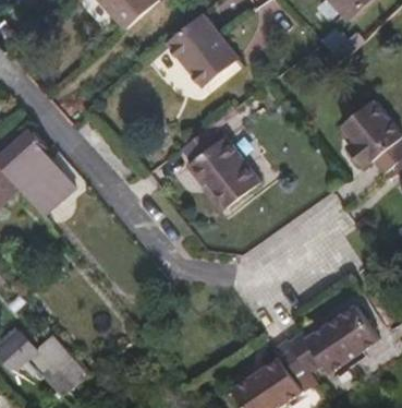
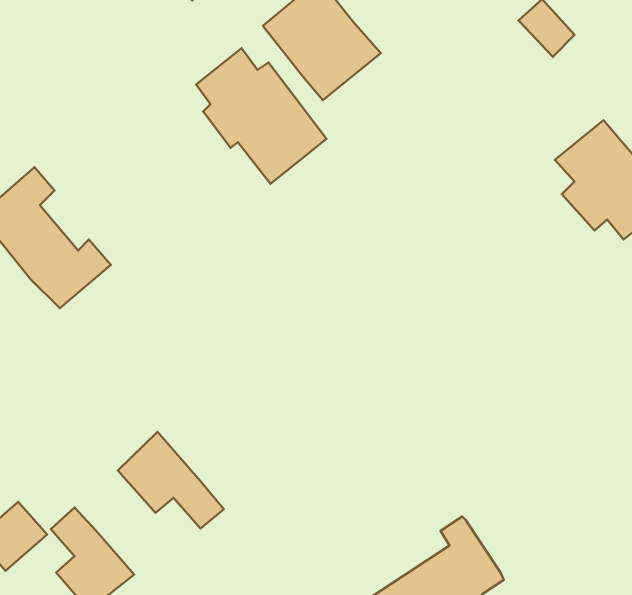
building: [182,127,260,208] -> [196,48,327,184]
building: none -> [118,432,224,528]
building: [289,303,378,373] -> none

